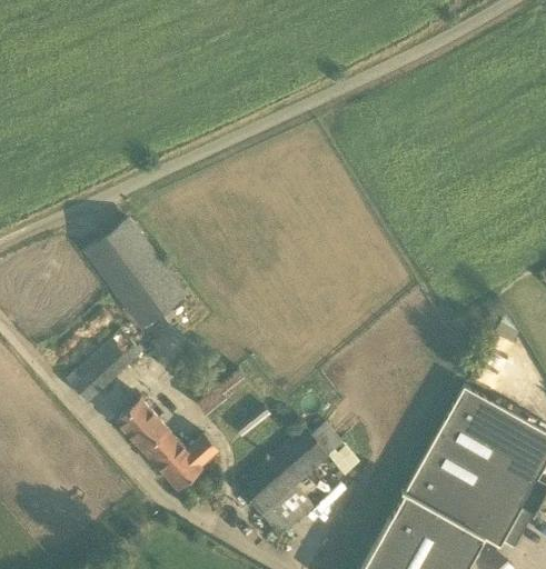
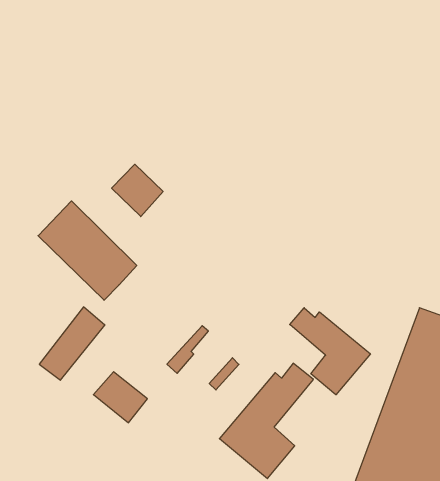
building: none -> [112,164,163,217]
building: none -> [290,308,370,395]
building: [148,436,217,491] -> none

